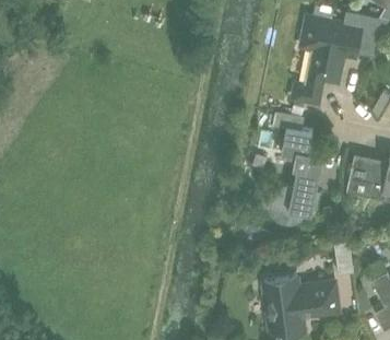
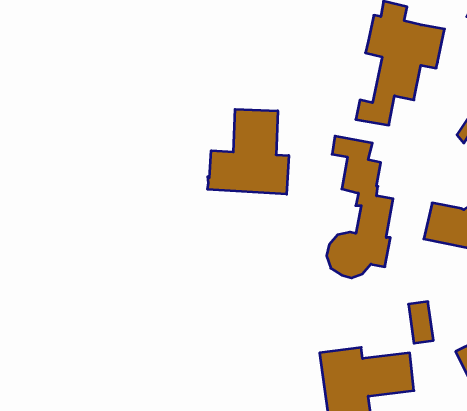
building: none -> [208,109,289,194]

